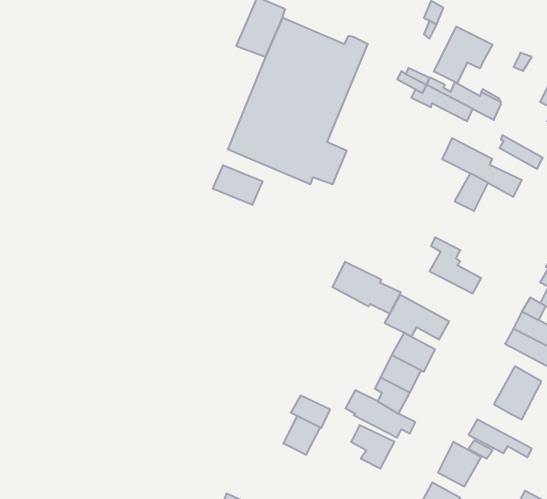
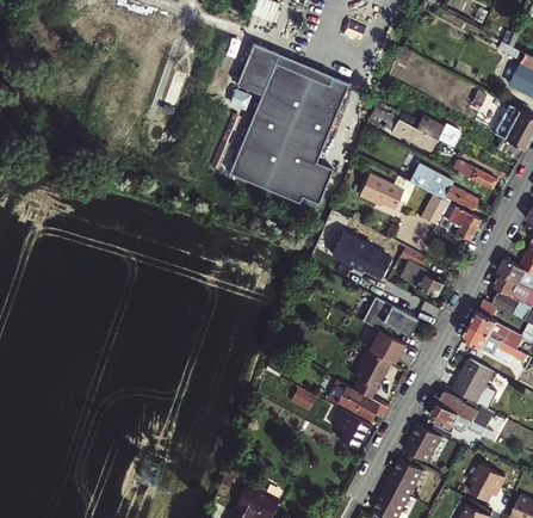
building: [434,27,492,83] -> none
building: none -> [360,174,417,211]
building: [213,165,263,205] -> none
building: none -> [439,202,481,240]
building: [332,262,401,313] -> [333,233,391,277]
building: none -> [440,391,491,426]
building: [283,416,320,455] -> none

